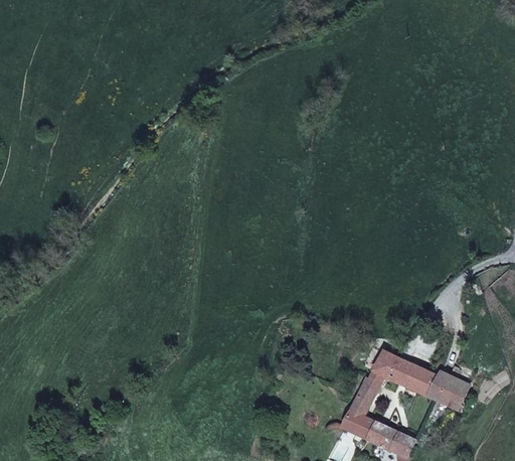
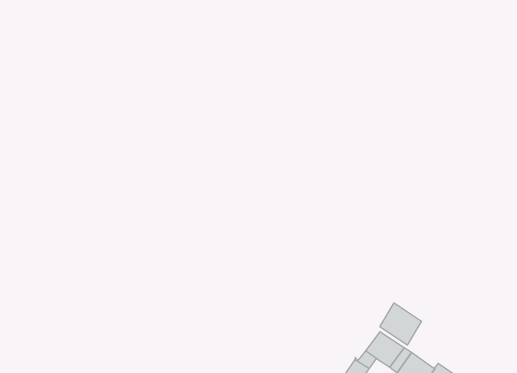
building: none -> [380,303,421,345]

